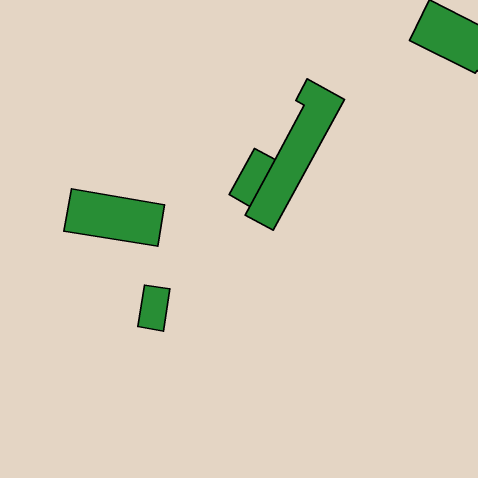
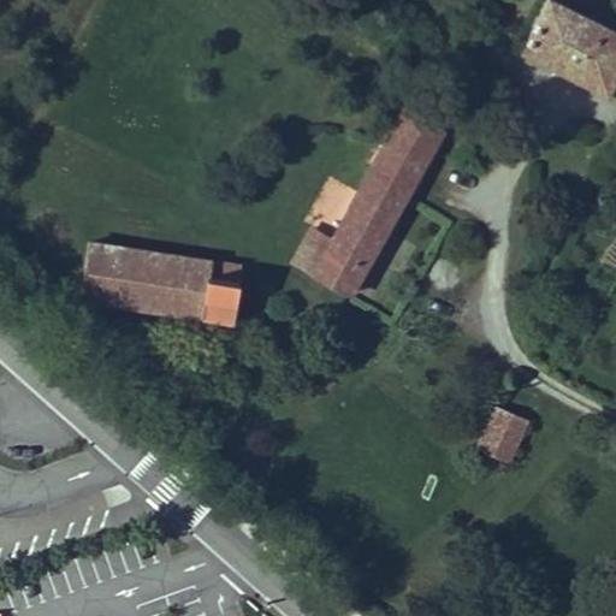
building: [138,285,170,331] -> [205,265,245,324]
building: none -> [481,410,528,464]

